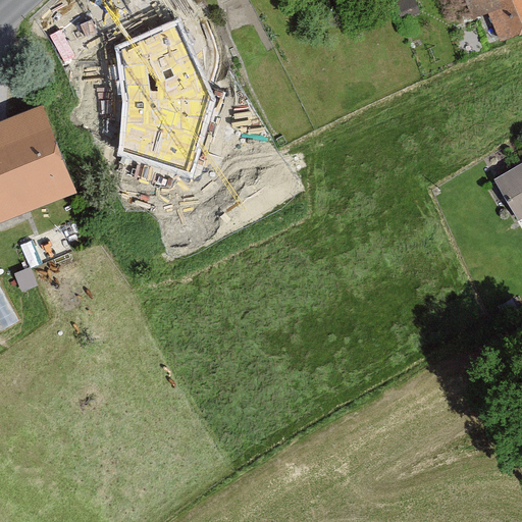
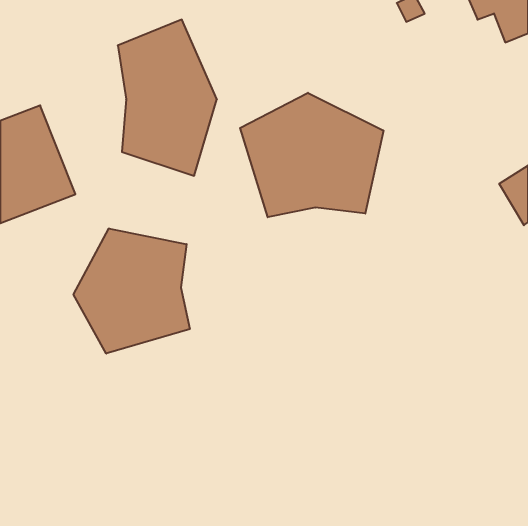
building: none -> [240,93,383,217]
building: none -> [74,228,190,354]

